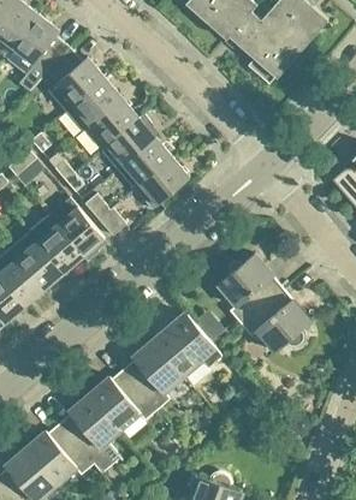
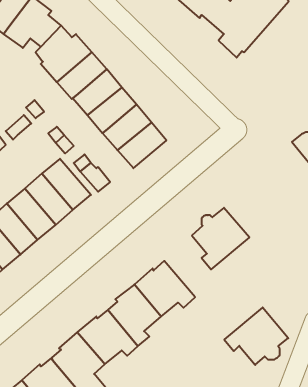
building: [241,287,313,352] -> [224,307,288,365]

